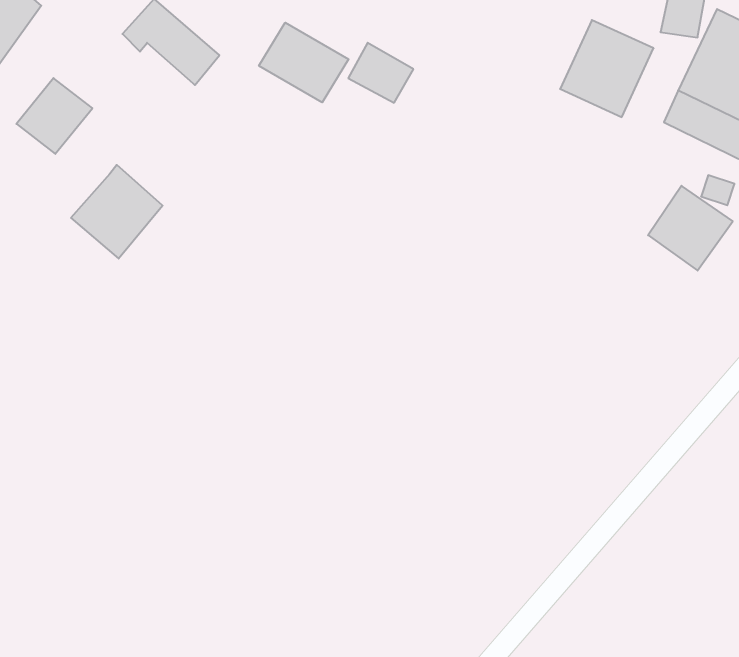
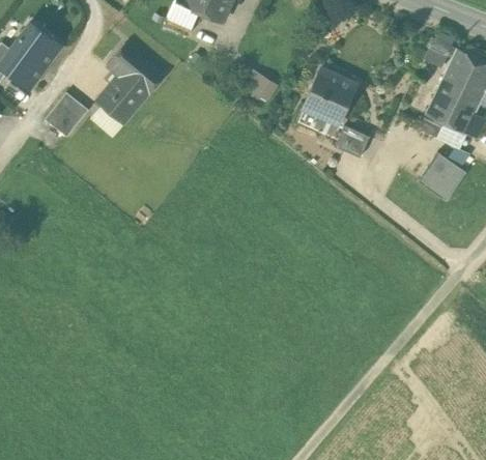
building: [560,20,654,117] -> [303,67,358,124]
building: [259,23,349,102] -> none
building: none -> [335,125,369,159]
building: [71,165,163,259] -> [94,68,148,123]

